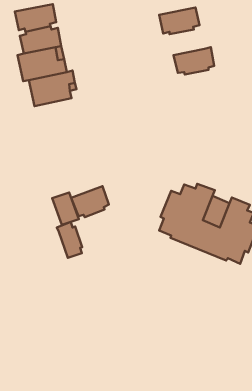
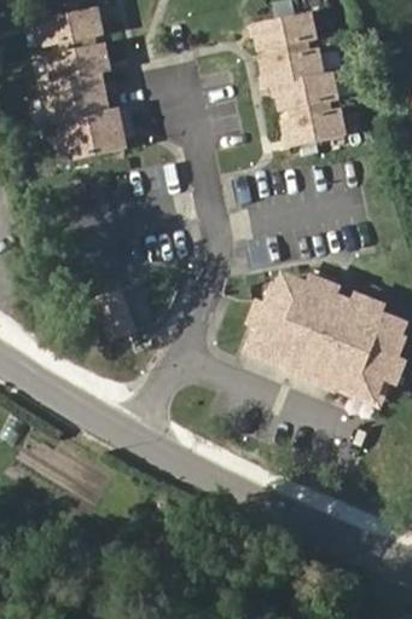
building: none -> [263,45,324,86]
building: none -> [286,105,346,145]
building: [71,186,109,217] -> none
building: [57,222,82,258] -> none

